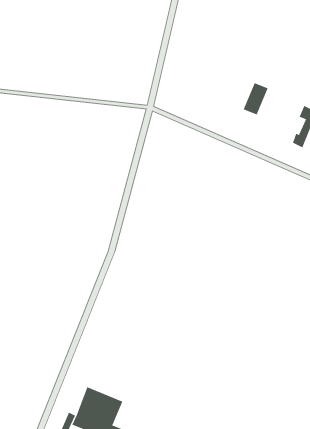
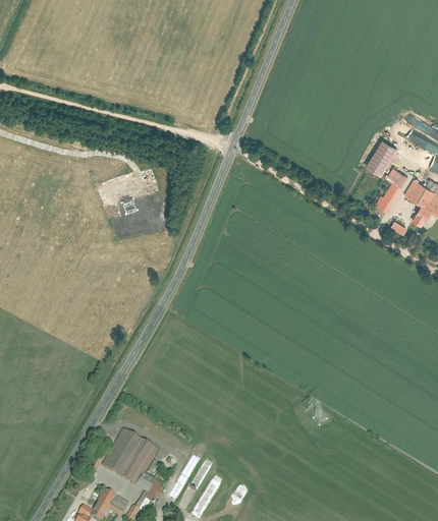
building: [243,83,269,115] -> [367,140,397,175]

